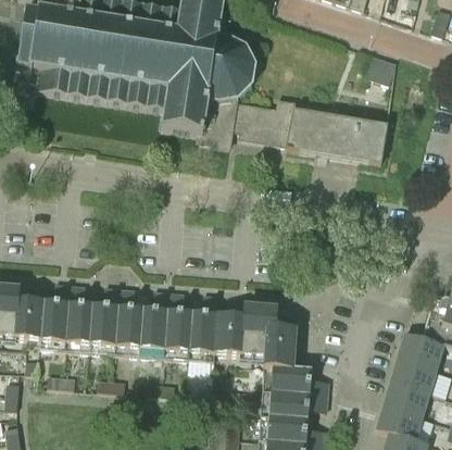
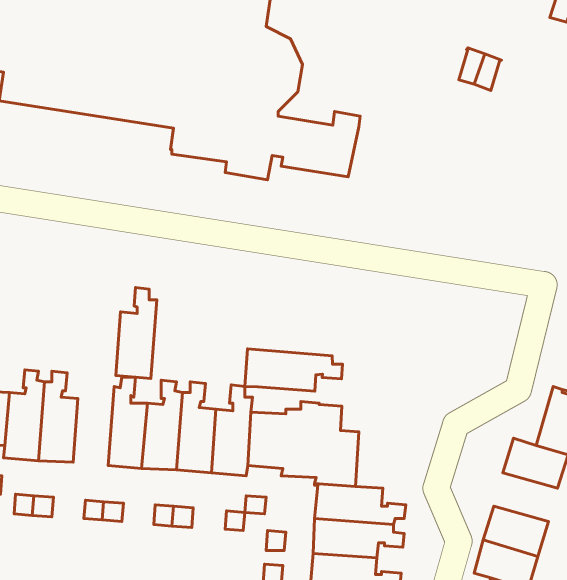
building: [288,109,389,162] -> none
building: none -> [245,349,342,391]
building: [91,286,121,351] -> [116,288,157,379]
building: [392,357,438,391] -> none

